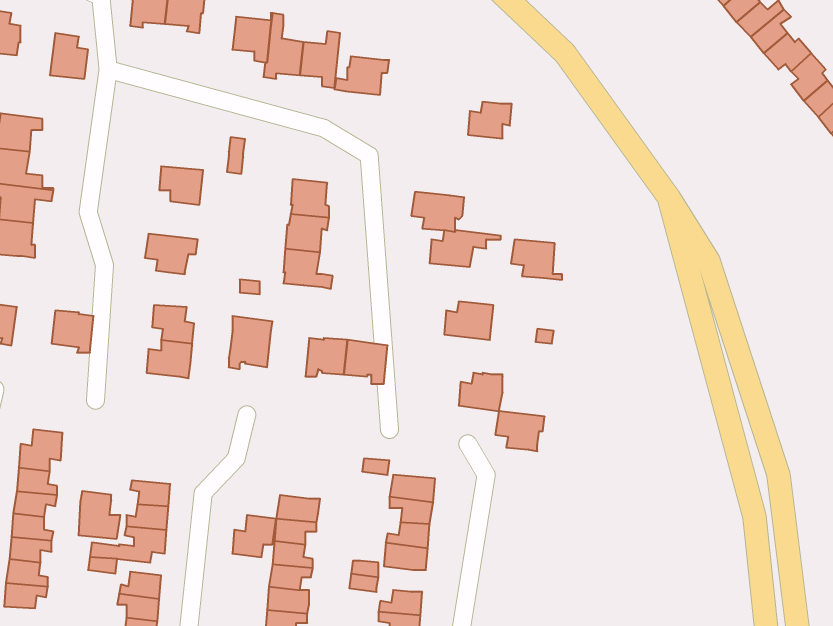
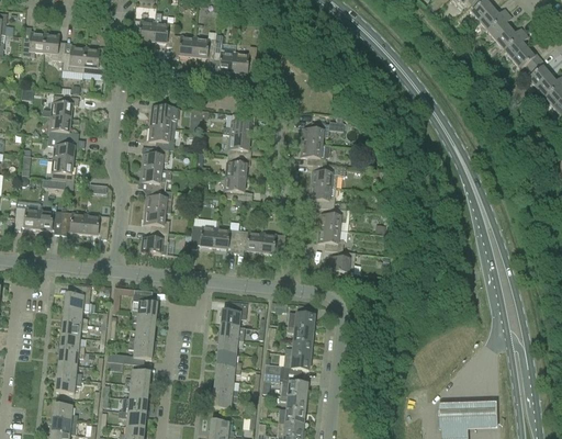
building: none -> [171,34,194,58]
building: none -> [61,45,86,71]
building: [334,56,389,95] -> [222,113,255,136]
building: [468,102,512,138] -> [302,122,328,144]
building: none -> [149,104,177,128]
building: none -> [142,146,172,169]
building: [511,240,562,280] -> [308,184,339,209]
building: none -> [145,190,172,212]
building: none -> [59,211,86,235]
building: none -> [213,226,238,252]
building: [495,411,545,451] -> [317,227,347,251]
building: [78,491,120,539] -> [132,289,157,317]
building: [232,515,276,557] -> [221,301,247,326]

